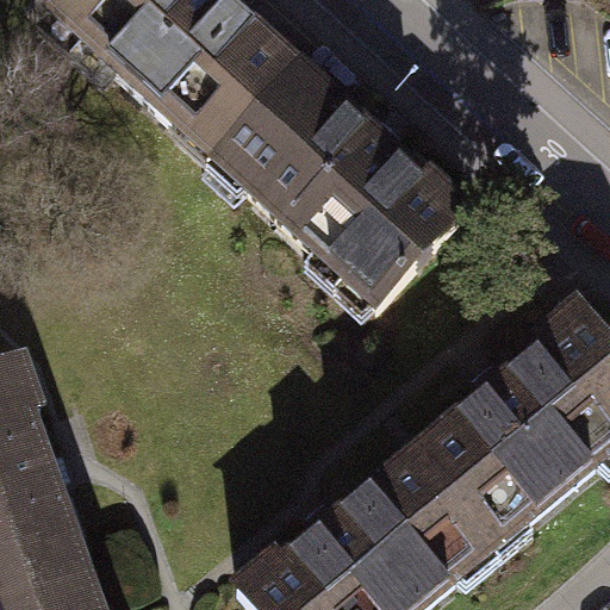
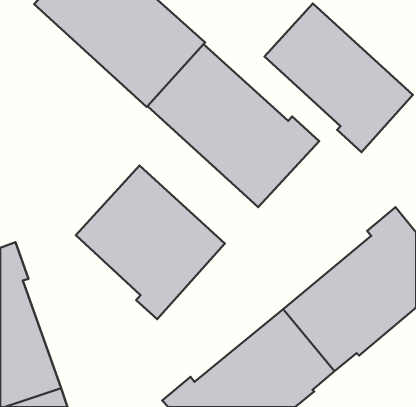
building: none -> [265,4,413,152]
building: none -> [76,166,225,319]

